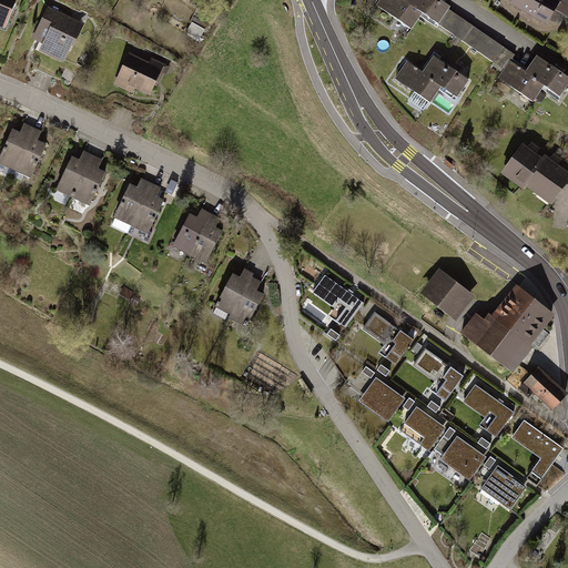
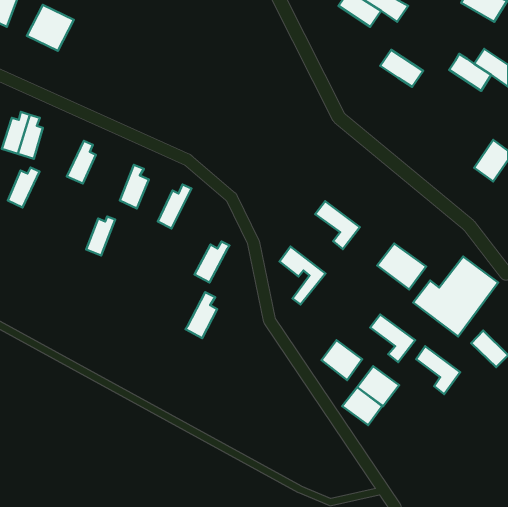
building: [442,10,524,68] -> none
building: [112,51,161,97] -> none
building: [396,63,443,102] -> none
building: [506,141,548,186] -> none
building: [58,152,93,196] -> [8,167,40,207]
building: [116,180,149,223] -> [86,217,115,255]
building: [191,210,226,263] -> none
building: [231,276,266,327] -> [185,292,217,338]
building: [362,313,412,366] -> [315,201,360,249]
building: [510,420,560,478] -> none
building: [439,436,484,478] -> [342,387,382,425]
building: [476,465,525,511] -> none

